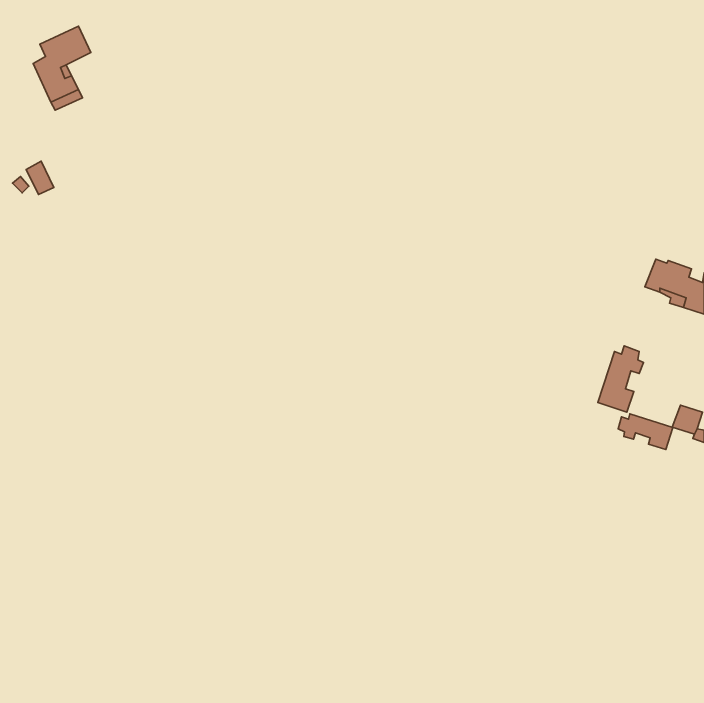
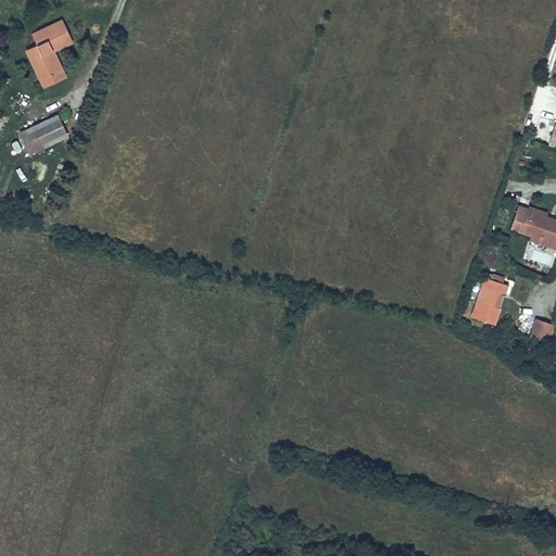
building: none -> [33,115,67,148]
building: [618,414,673,450] -> none

